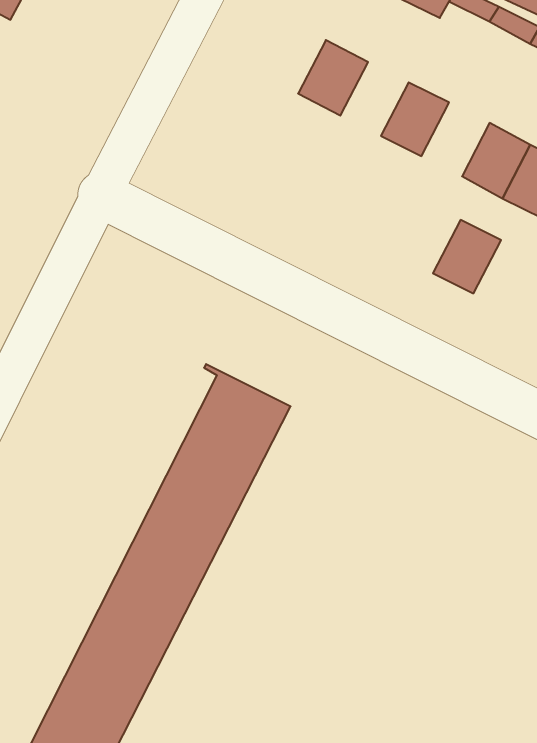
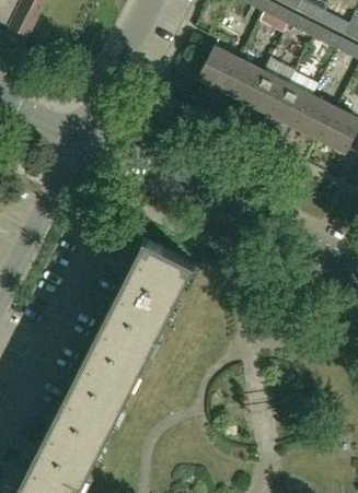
building: none -> [223,59,264,103]
building: [433,220,501,293] -> [272,83,312,127]

